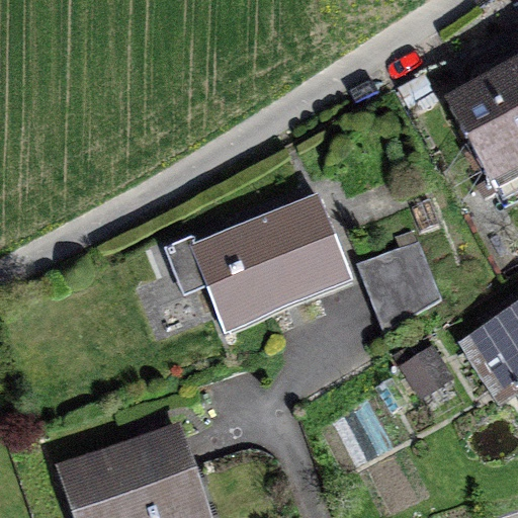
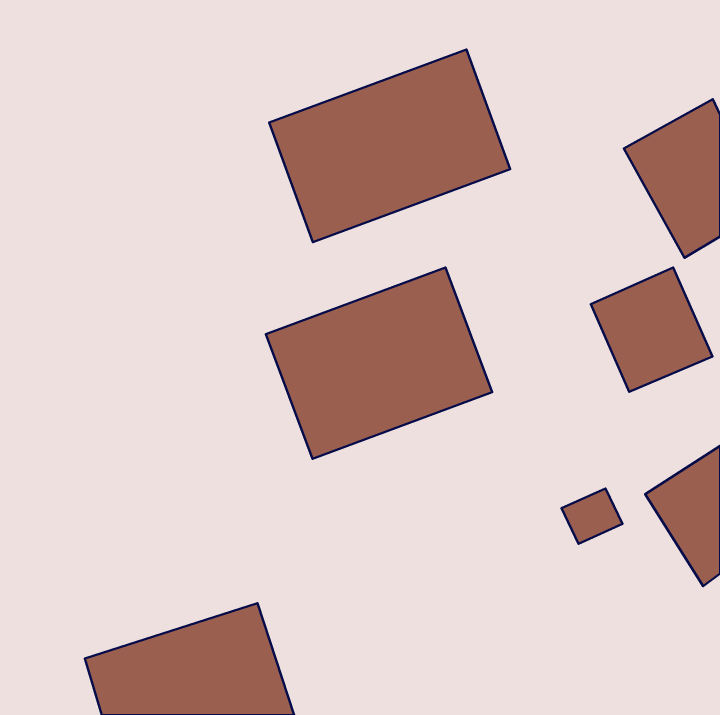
building: none -> [269,49,510,242]
building: [359,242,446,331] -> [591,267,713,392]

